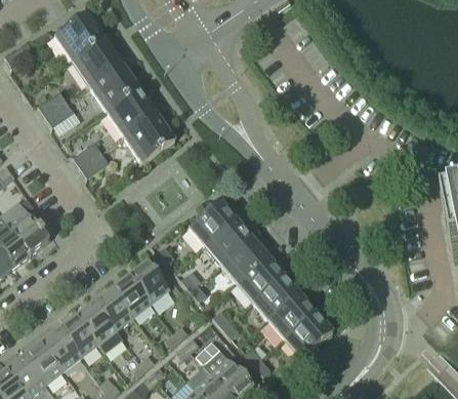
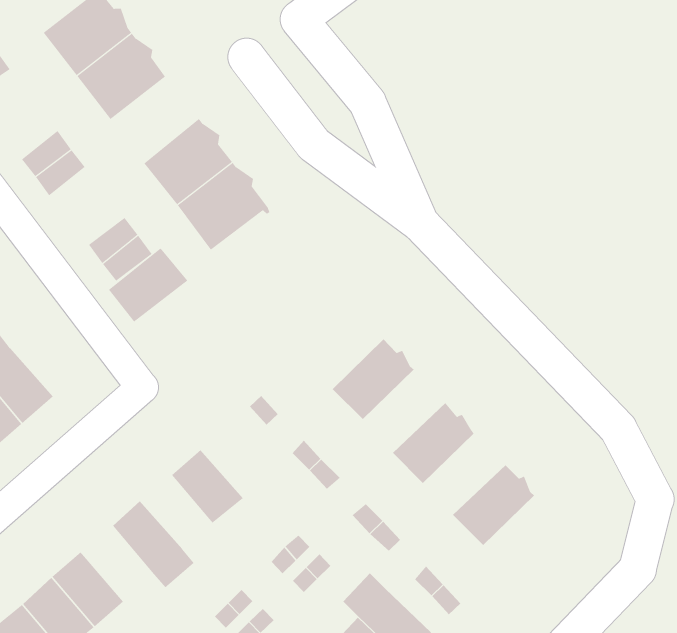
building: [88,62,138,110] -> none
building: none -> [108,248,188,322]
building: [188,195,235,243] -> none
building: [220,235,267,281] -> none
building: [128,258,168,302] -> none
building: [252,273,299,318] -> none
building: [92,286,132,328] -> none
building: [284,310,334,356] -> none
building: [57,313,97,356] -> none

